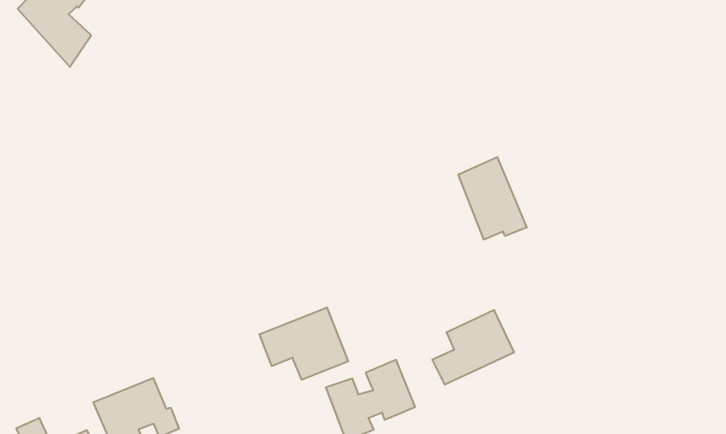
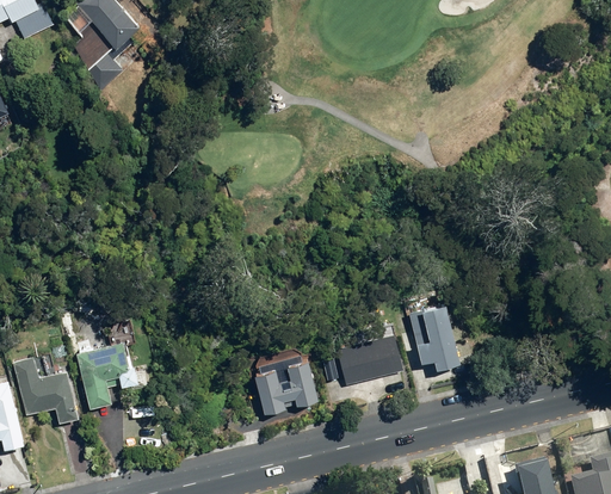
building: [458,157,527,239] -> [411,301,456,362]
building: [260,307,348,380] -> none

